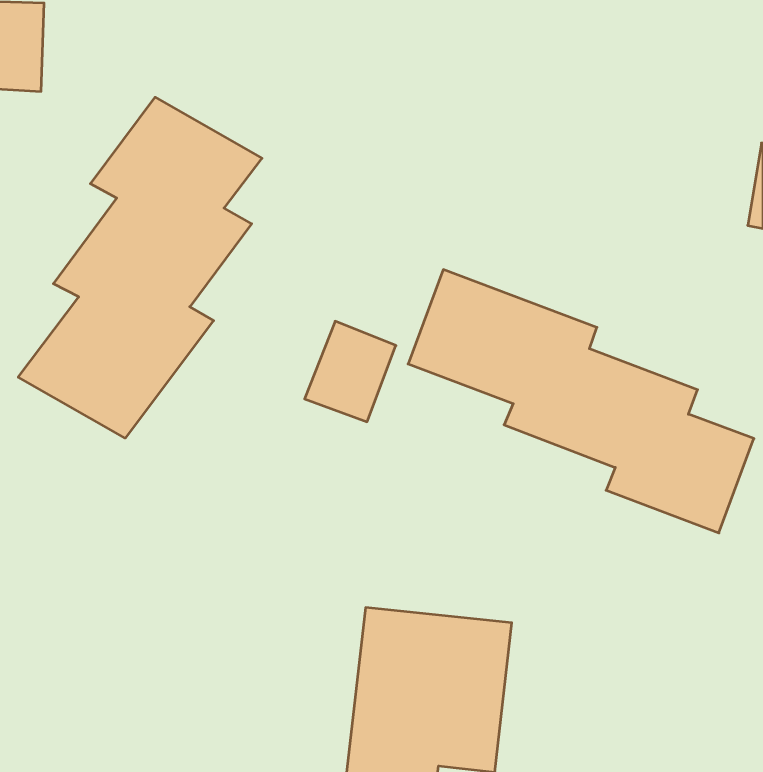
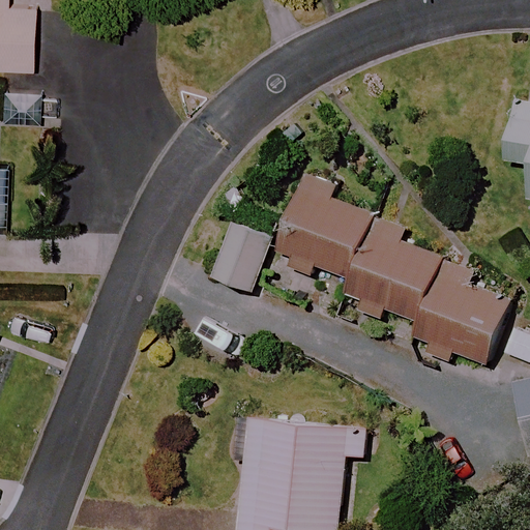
building: [18,97,262,438] -> none

